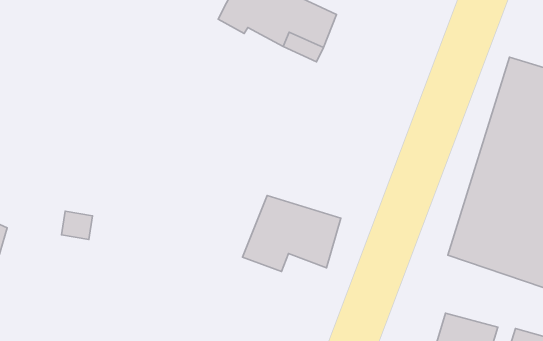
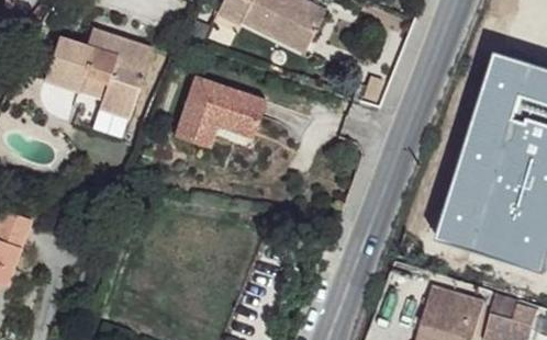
building: none -> [46,30,154,122]
building: [242,196,341,271] -> [177,78,268,148]

